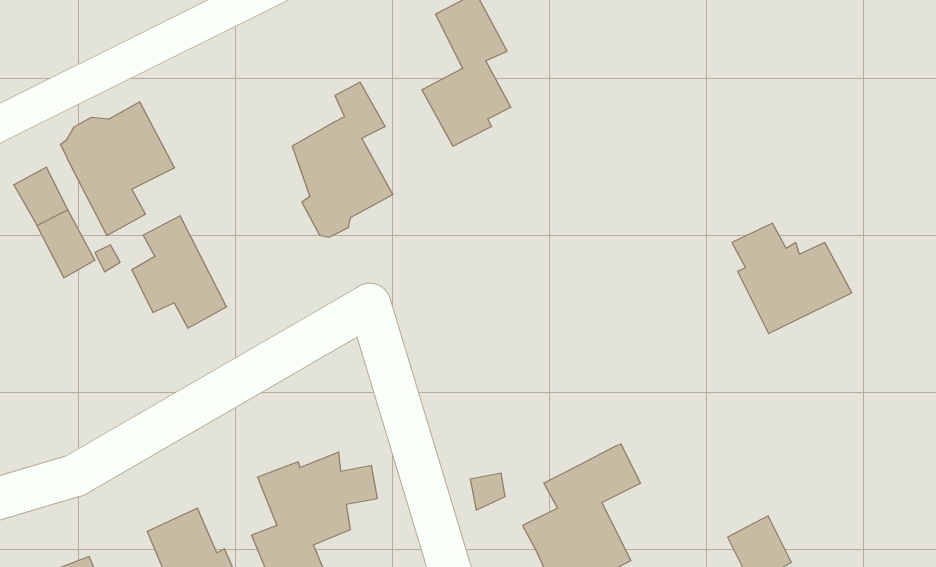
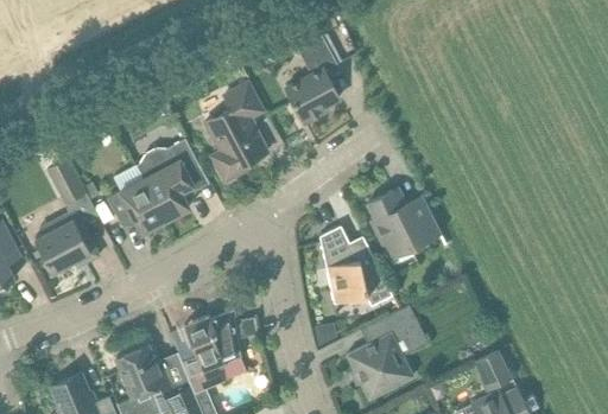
building: [60,102,175,235] -> [137,140,207,222]
building: [732,223,852,334] -> [367,192,441,260]
building: none -> [36,214,100,273]
building: none -> [319,227,392,305]

